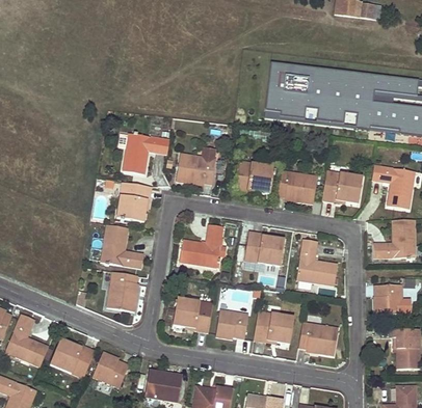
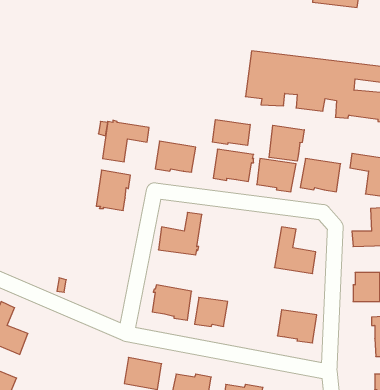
building: none -> [212,120,250,145]
building: none -> [269,125,304,161]
building: [100,224,143,268] -> none
building: [243,230,284,266] -> none
building: [106,271,137,311] -> none
building: [253,310,294,344] -> none
building: [50,338,95,378] -> none
building: [91,351,128,387] -> none

